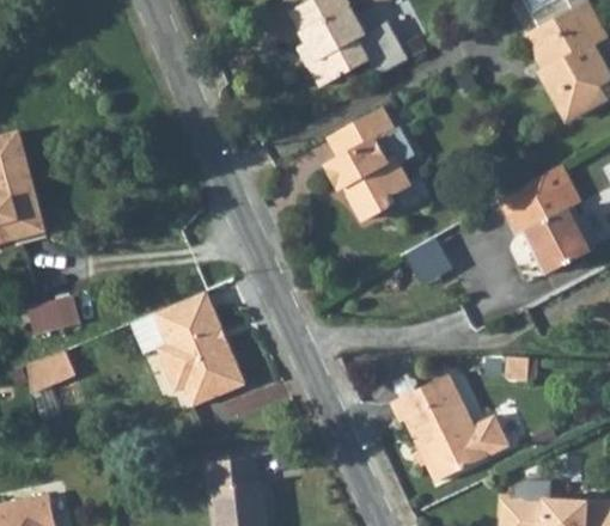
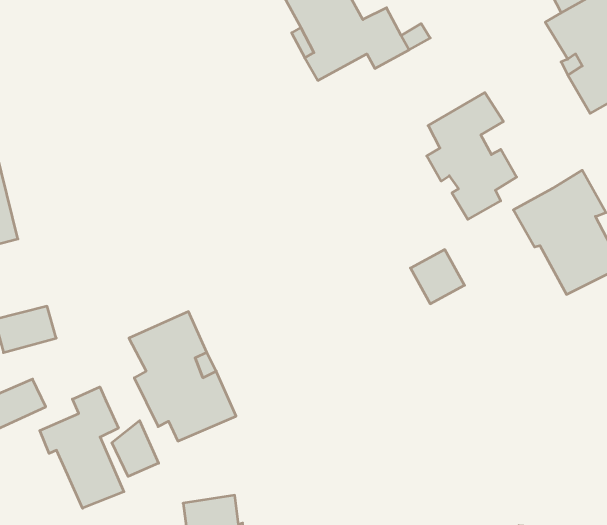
building: [327,106,408,221] -> [427,93,517,219]
building: none -> [40,387,124,508]
building: [394,367,511,473] -> none
building: none -> [112,421,159,476]

